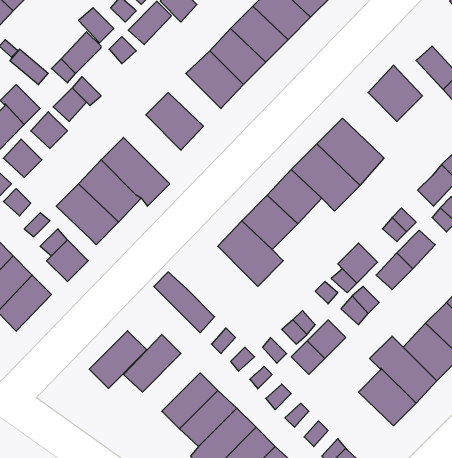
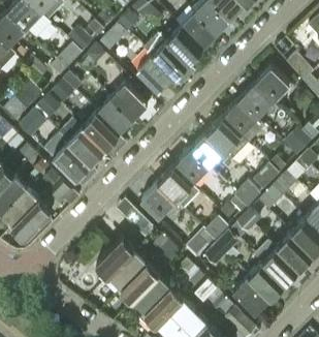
building: none -> [240,80,275,115]
building: none -> [98,94,135,131]
building: none -> [141,179,178,215]
building: [89,331,147,388] -> [110,248,148,285]
building: none -> [235,273,273,310]

